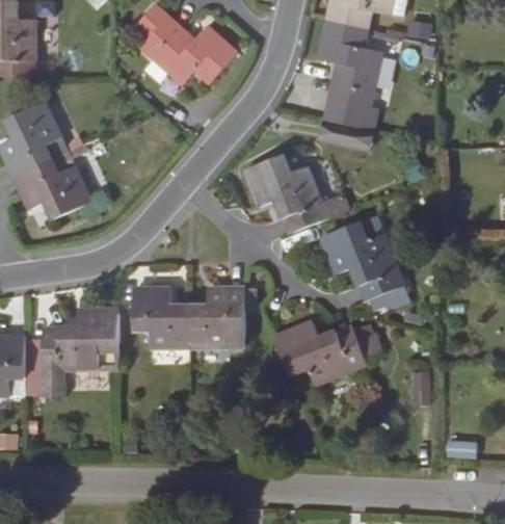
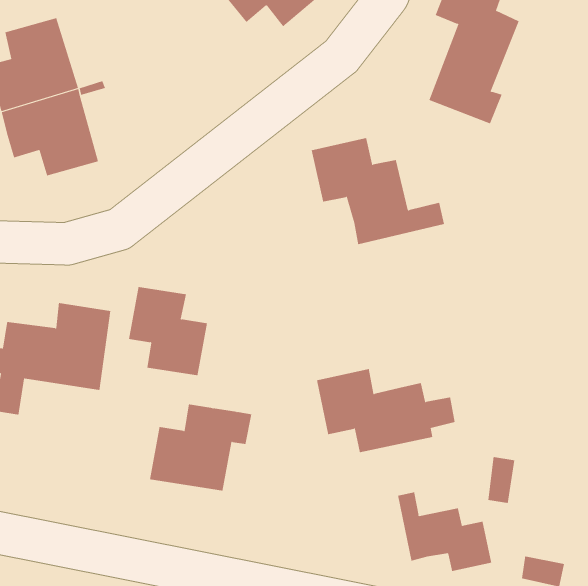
building: [320,215,408,309] -> none
building: [188,287,256,346] -> [149,404,252,491]
building: none -> [398,492,492,572]

